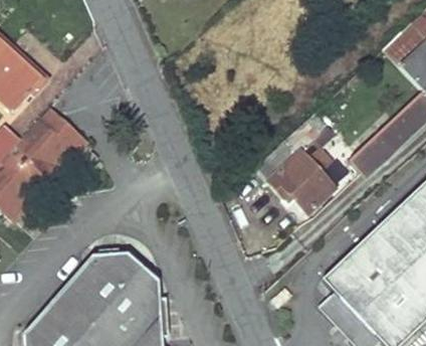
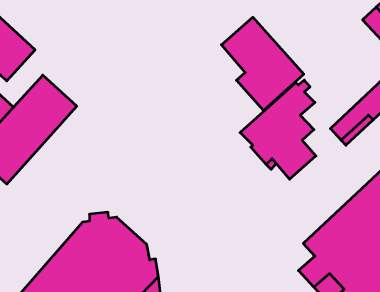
building: none -> [221,17,304,110]

